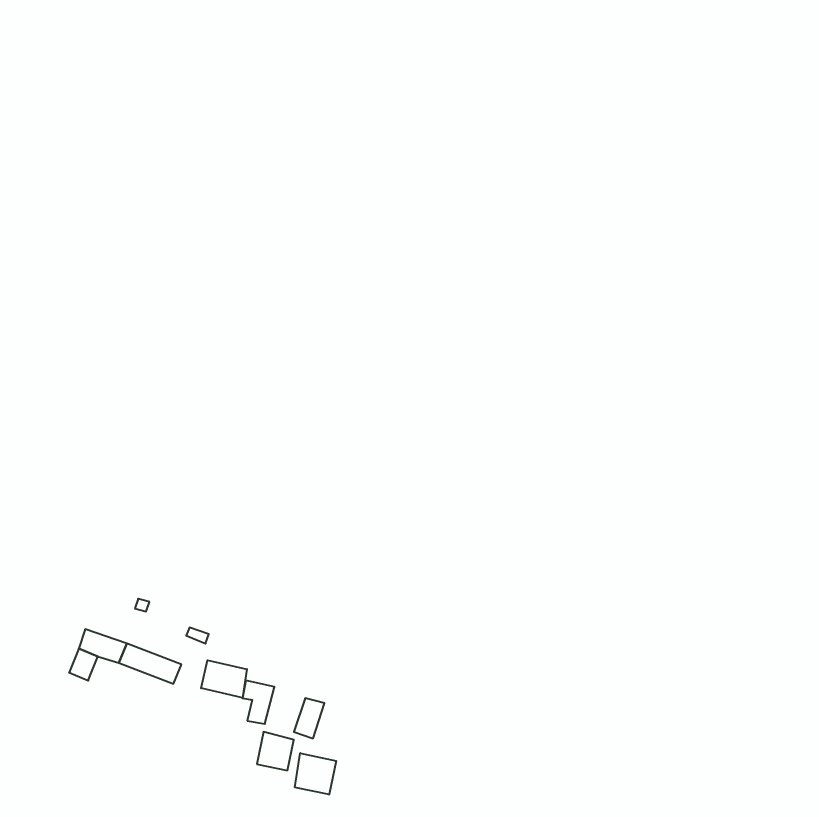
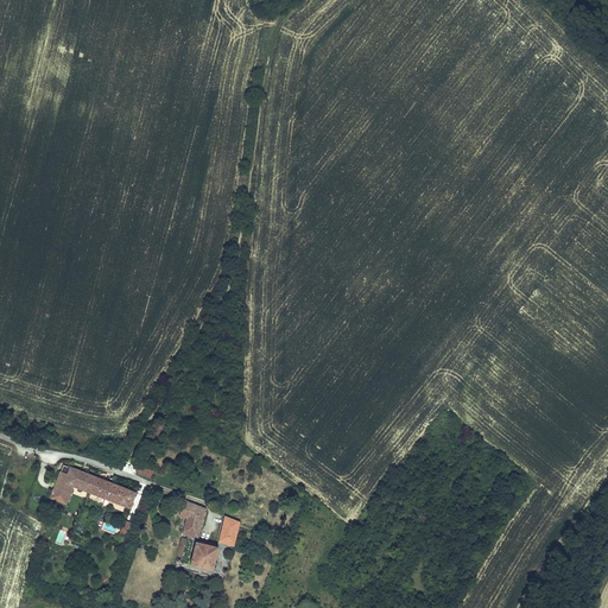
building: [201,660,247,698] -> none
building: [295,753,336,795] -> none

